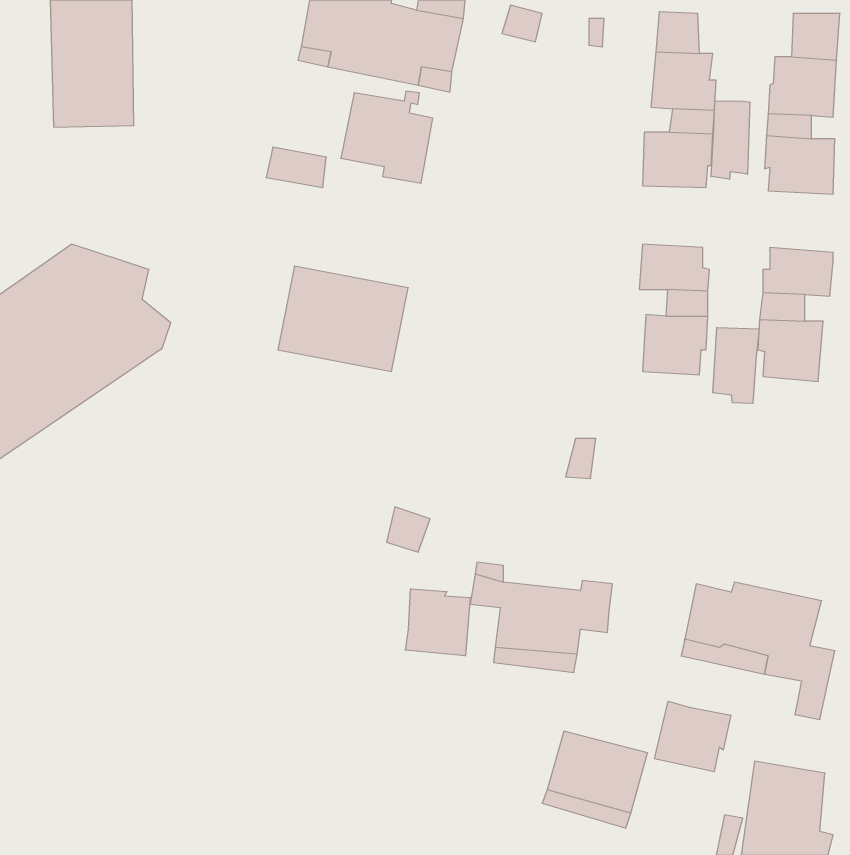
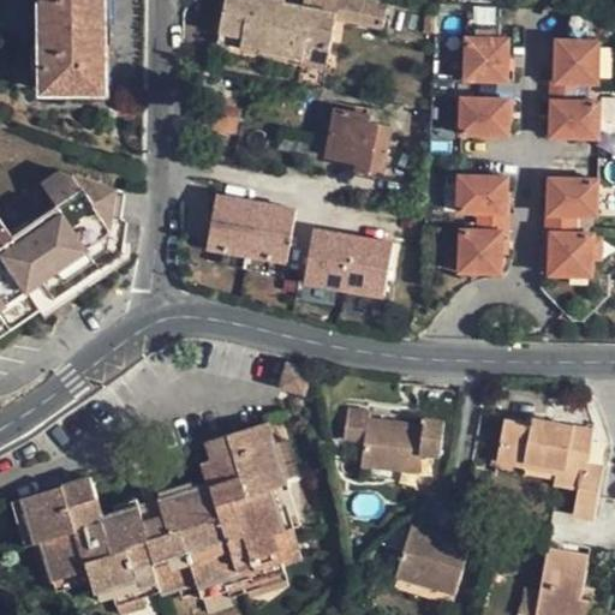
building: [341,91,433,183] -> [322,109,388,175]
building: [711,101,750,179] -> none
building: none -> [299,228,389,299]
building: [713,327,759,403] -> none
building: [406,589,470,656] -> none
building: none -> [18,424,300,607]
building: [654,701,731,772] -> none

